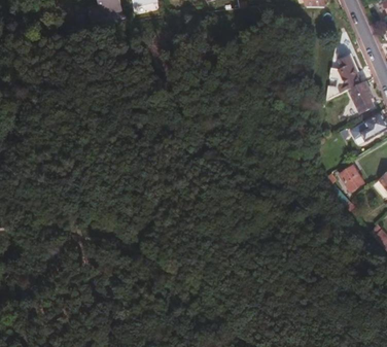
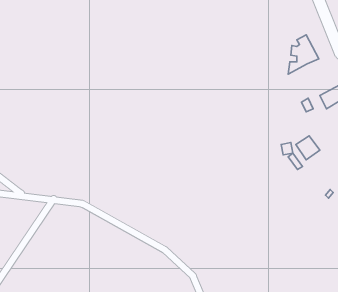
building: [349,80,376,112] -> none

